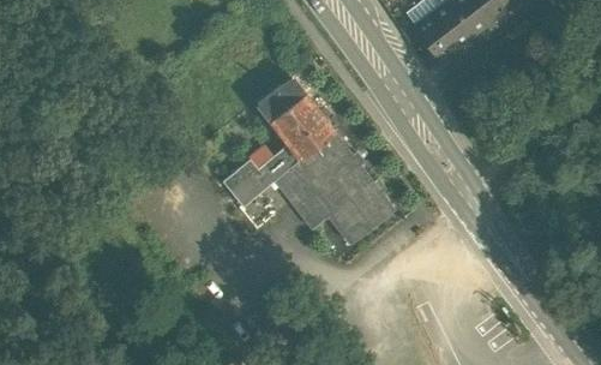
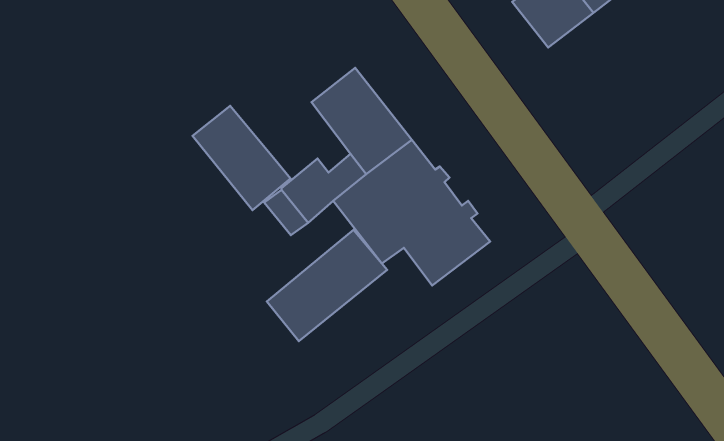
building: none -> [192,106,291,210]
building: none -> [267,230,387,341]

